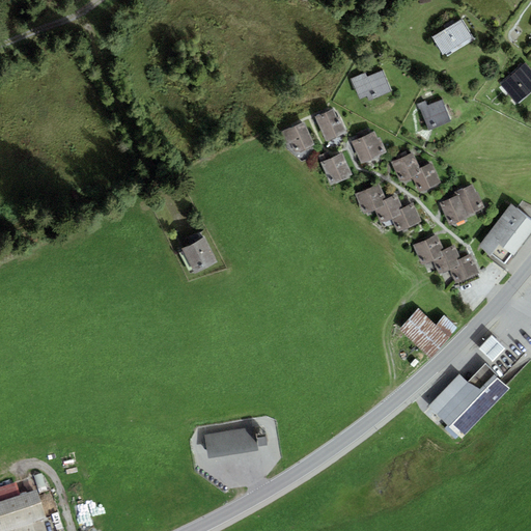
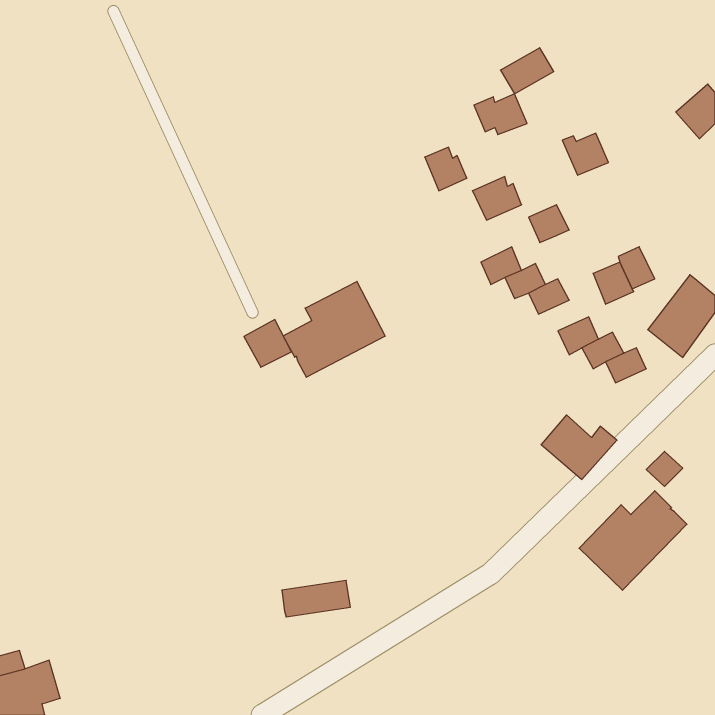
building: [432,19,472,53] -> [500,48,554,94]
building: [280,120,313,151] -> none
building: [317,152,352,186] -> none
building: [412,164,440,191] -> none
building: none -> [283,281,385,377]

